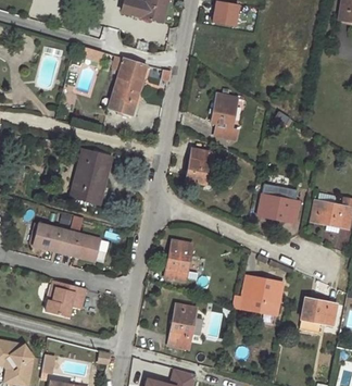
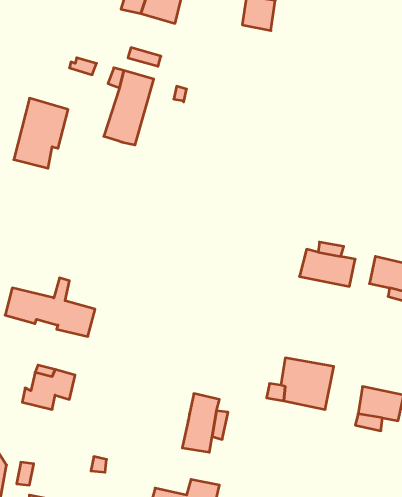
building: [210,94,238,138] -> none
building: [185,148,212,183] -> none
building: [70,149,111,202] -> [14,98,68,168]
building: [164,239,191,281] -> none

